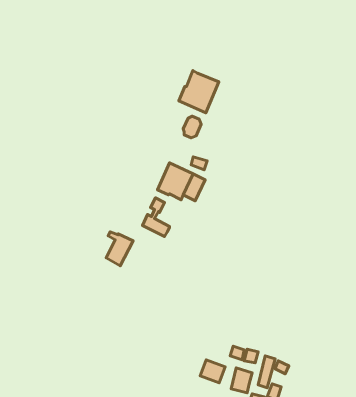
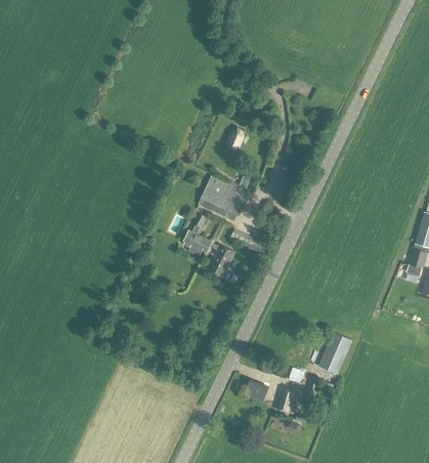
building: [179,71,219,113] -> none
building: [106,232,133,266] -> [207,243,234,278]
building: none -> [317,332,351,374]

